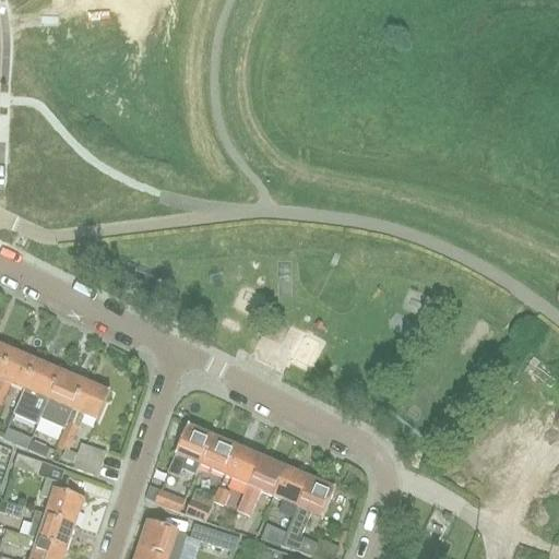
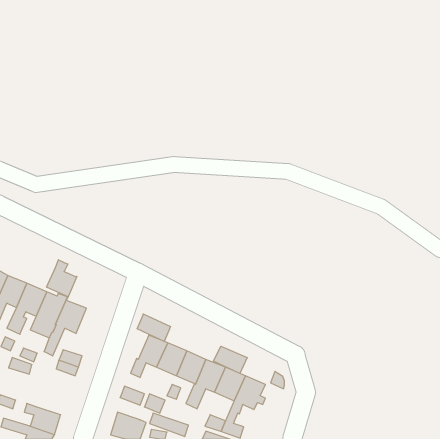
building: none -> [47,260,77,297]
building: none -> [137,314,170,342]
building: none -> [214,346,247,373]
building: [38,476,85,523] -> none

